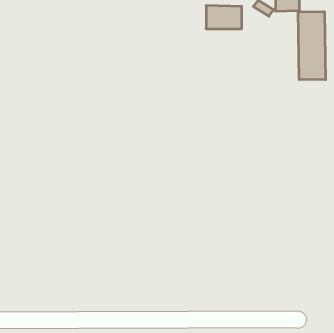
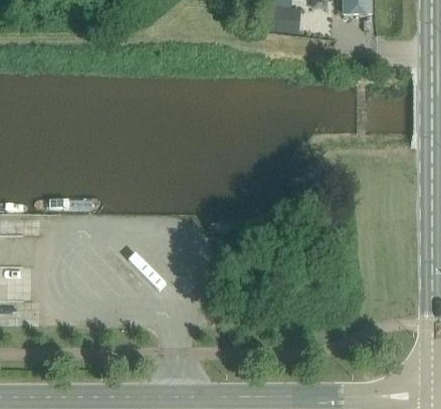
building: [298,12,326,80] -> none

